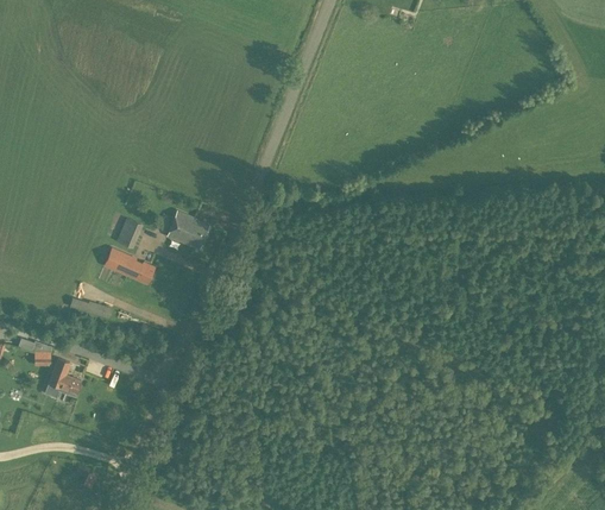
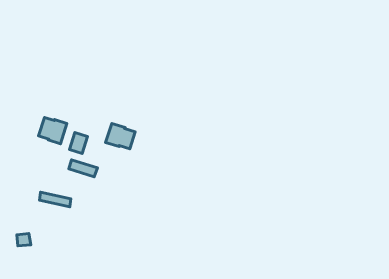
building: none -> [39,117,67,144]
building: [45,357,82,396] -> none

